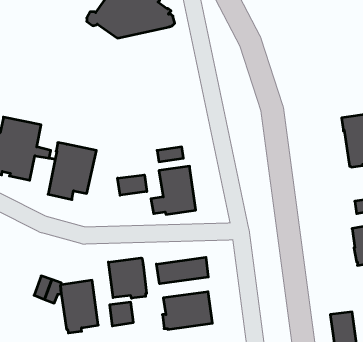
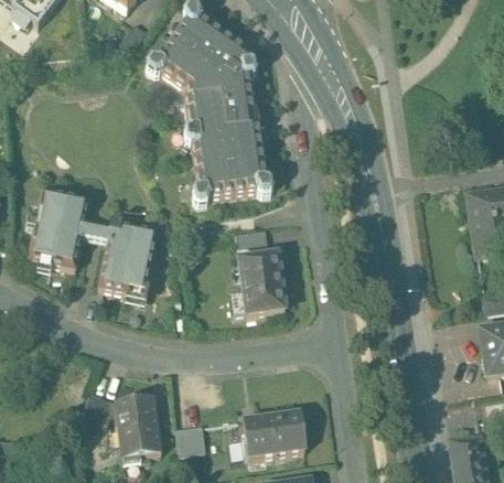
building: none -> [185,76,275,203]
building: [118,175,147,195] -> none
building: [156,257,208,284] -> none
building: [108,258,147,298] -> none

